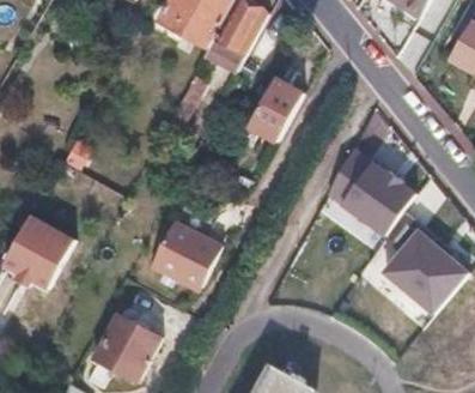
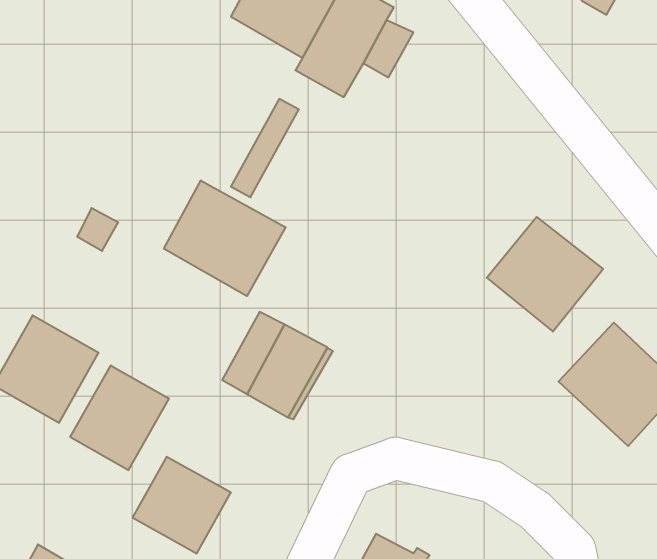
building: [254,80,309,144] -> none
building: none -> [164,180,286,296]
building: none -> [70,365,169,470]

